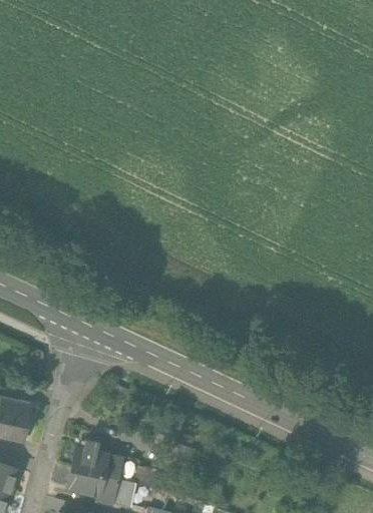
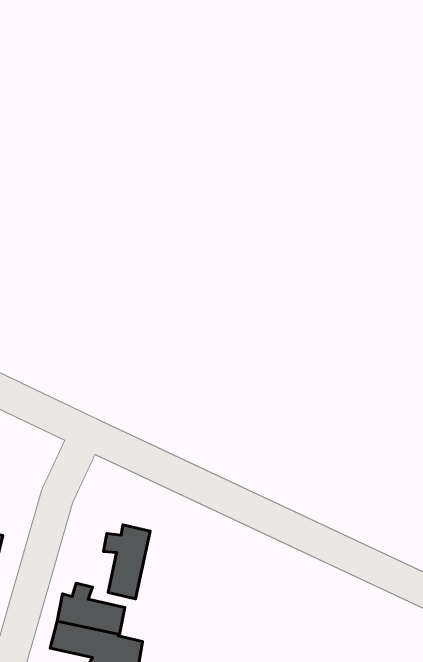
building: none -> [104,525,150,599]

